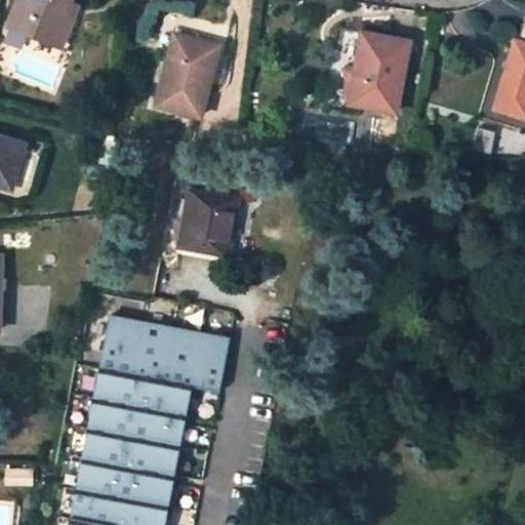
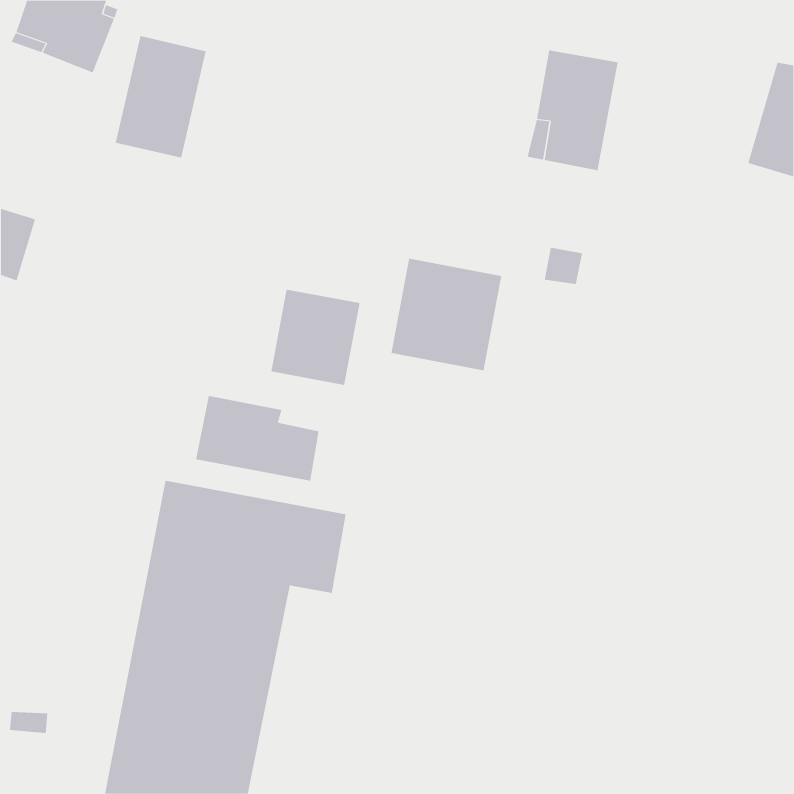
building: [157,36,217,117] -> [115,36,207,158]
building: none -> [391,258,502,371]
building: none -> [196,395,319,482]

